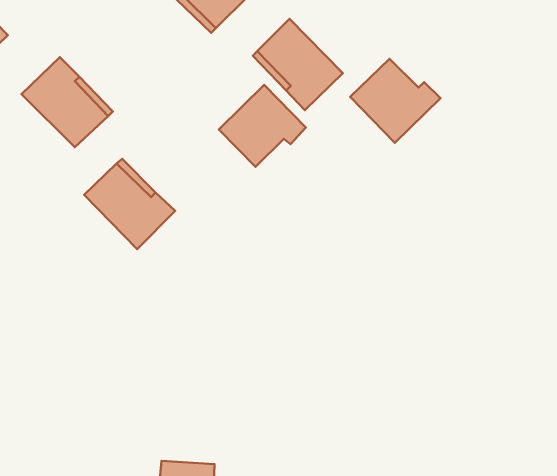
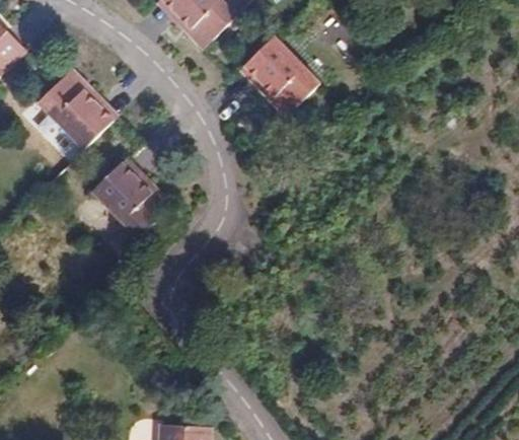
building: [350,59,440,143] -> none
building: [219,85,306,167] -> none

